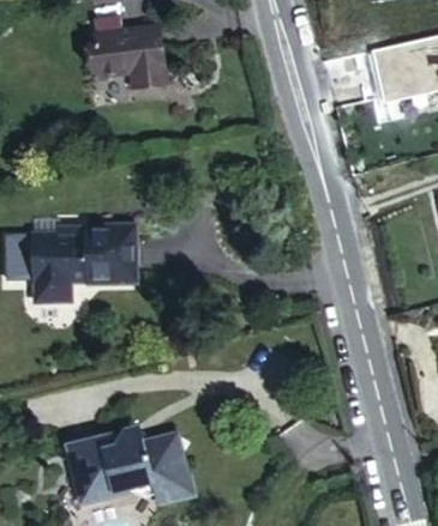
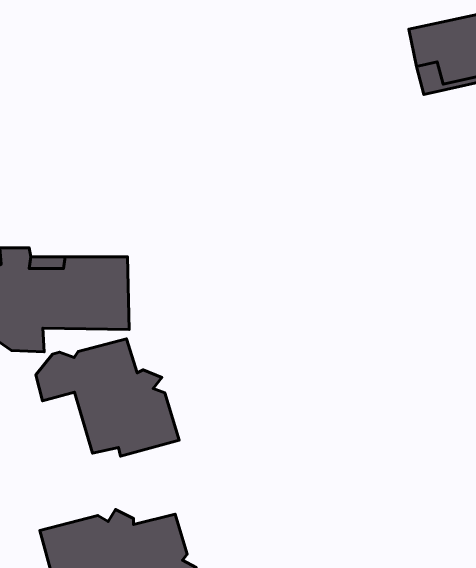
building: [104,32,178,99] -> none
building: none -> [36,339,179,456]

